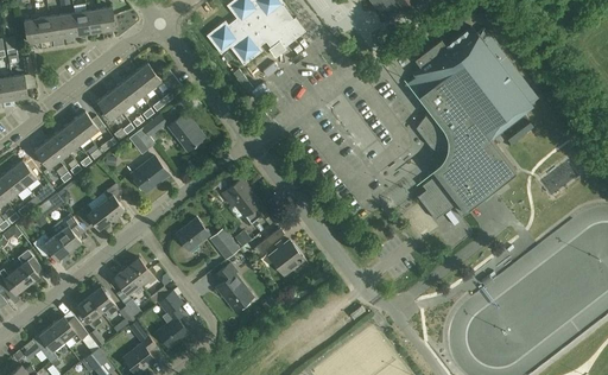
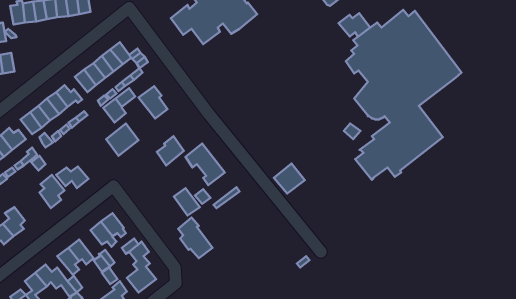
building: none -> [338,13,370,37]
building: [100,183,126,218] -> none
building: [178,217,209,250] -> [157,136,184,166]
building: [32,234,69,261] -> none
building: [268,240,304,274] -> [274,163,305,194]

